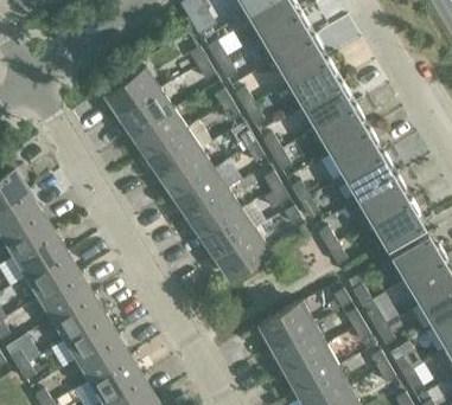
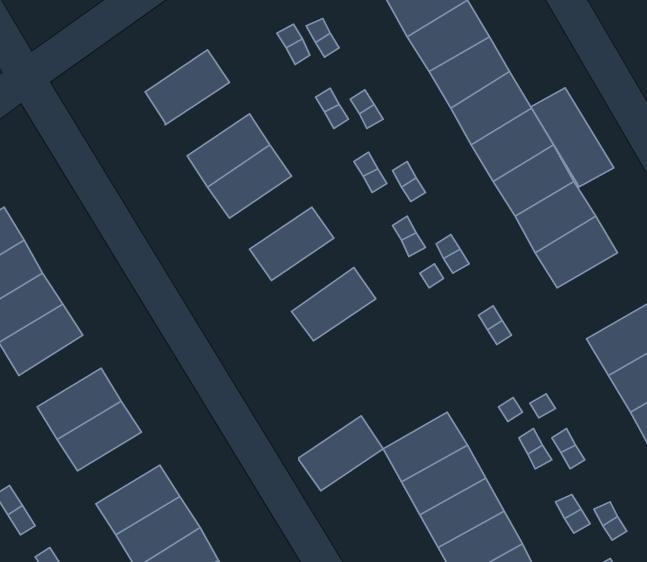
building: [119,90,173,137] -> none
building: none -> [531,88,614,187]
building: [160,150,214,198] -> none
building: [187,191,241,238] -> none
building: [373,200,426,247] -> none
building: [215,230,269,278] -> [299,416,383,491]
building: [24,253,77,300] -> none
building: [62,316,115,362] -> none

